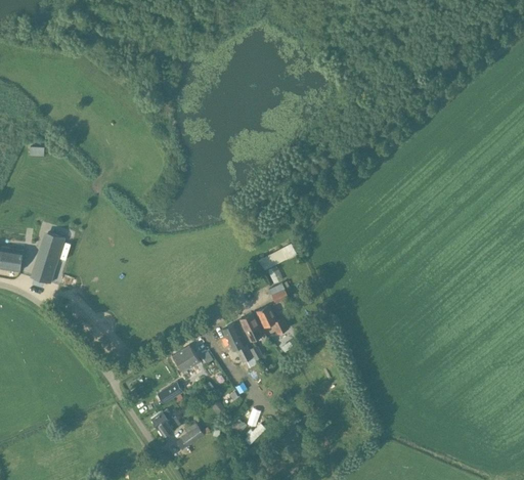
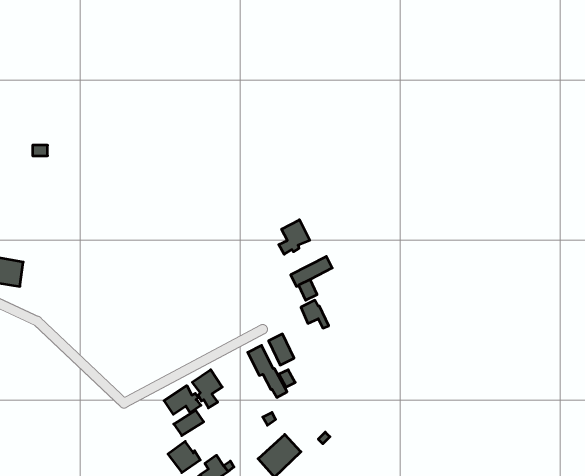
building: none -> [279,220,310,254]
building: [32,233,63,285] -> none
building: [255,306,288,335] -> none
building: none -> [164,386,201,414]

